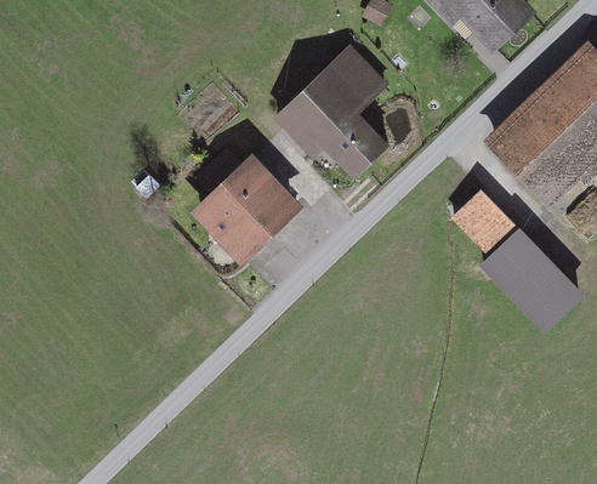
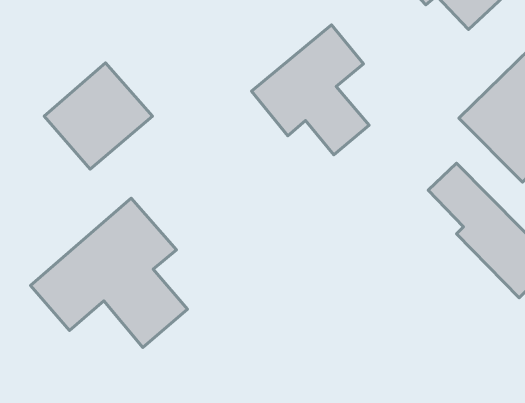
building: [187,153,298,262] -> [44,63,153,169]
building: none -> [30,198,188,347]

